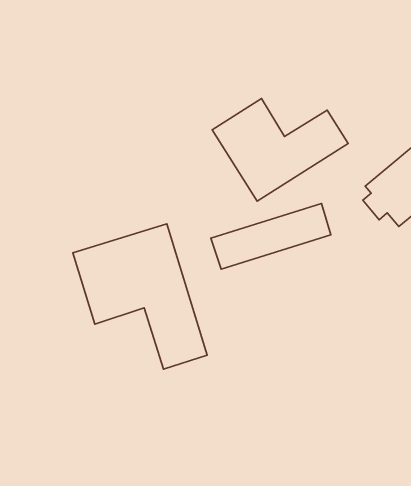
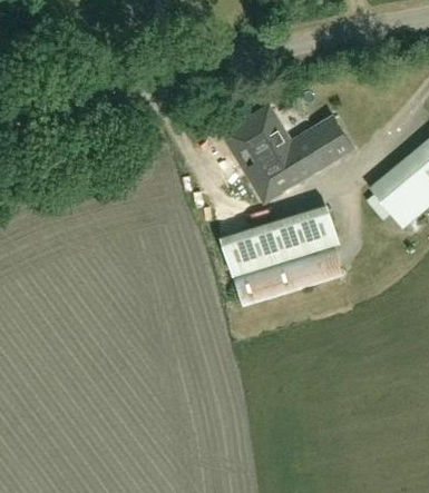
building: [73,224,207,369] -> none
building: none -> [232,243,343,307]

